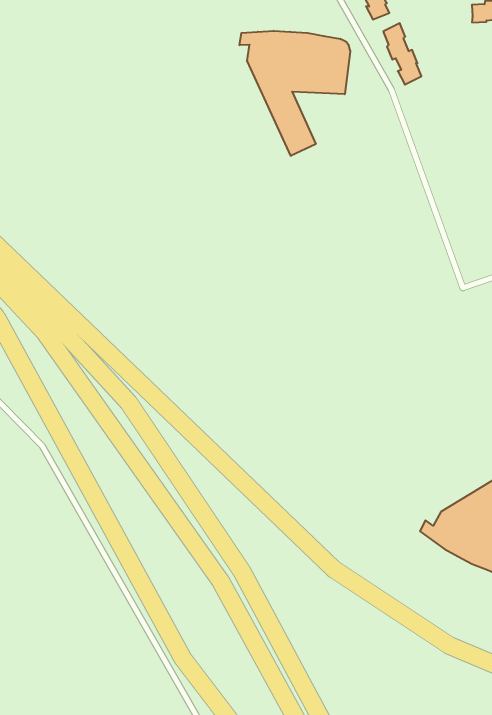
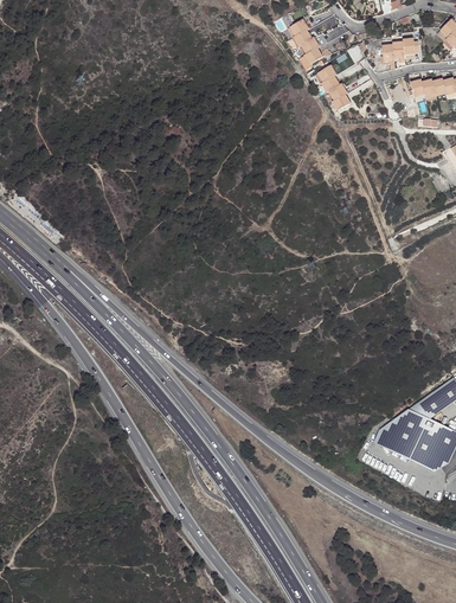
building: [240,31,350,156] -> none

